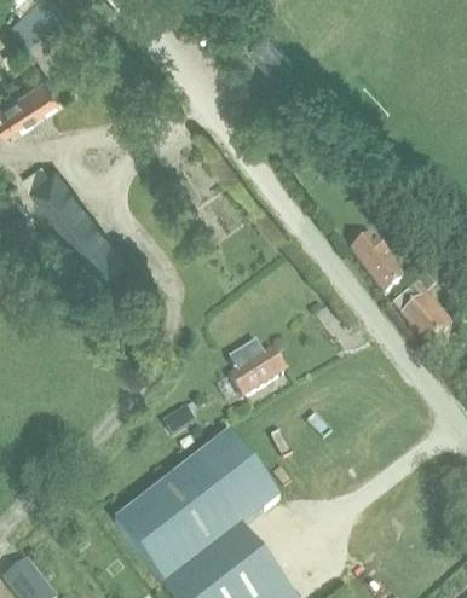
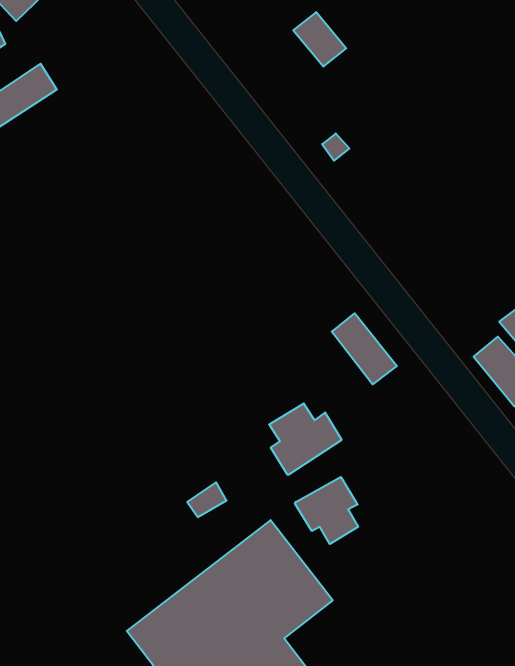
building: [24,159,125,273] -> none
building: [351,234,403,291] -> [332,313,397,384]
building: none -> [295,477,358,544]

